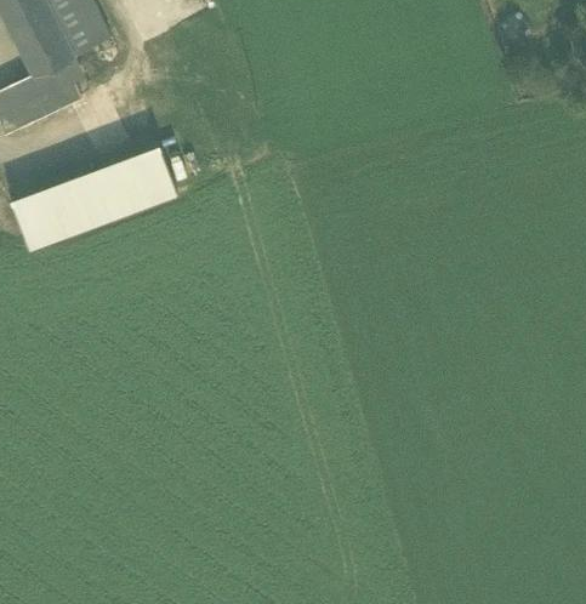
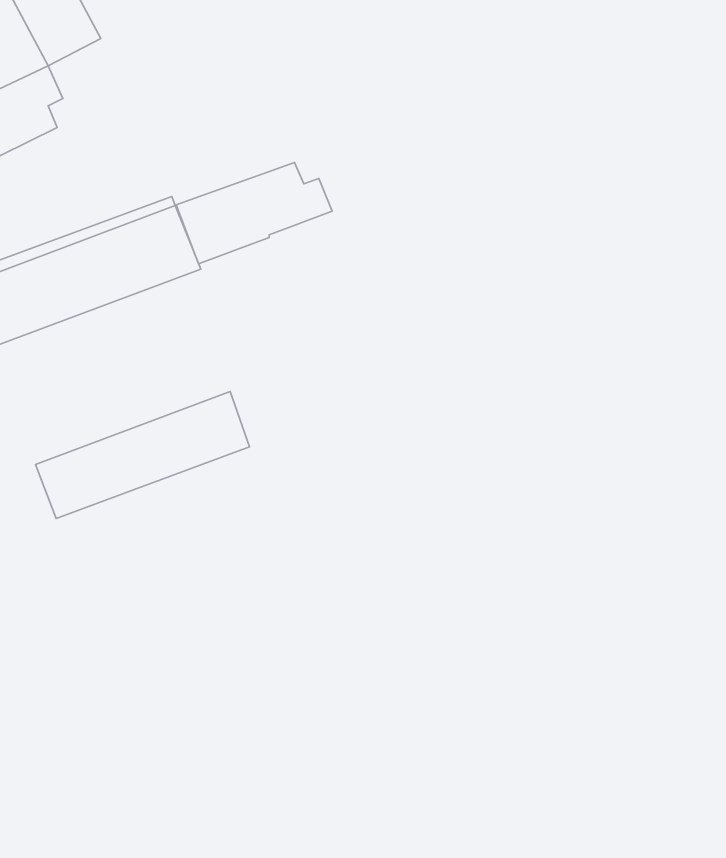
building: none -> [176,163,332,264]
building: none -> [36,392,250,519]

